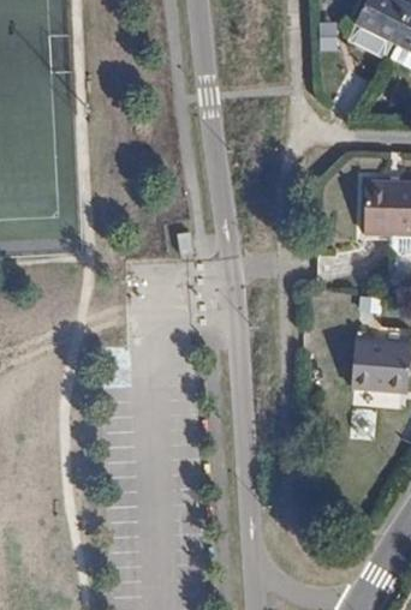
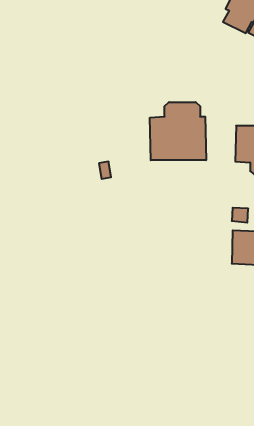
building: none -> [150,102,206,160]

